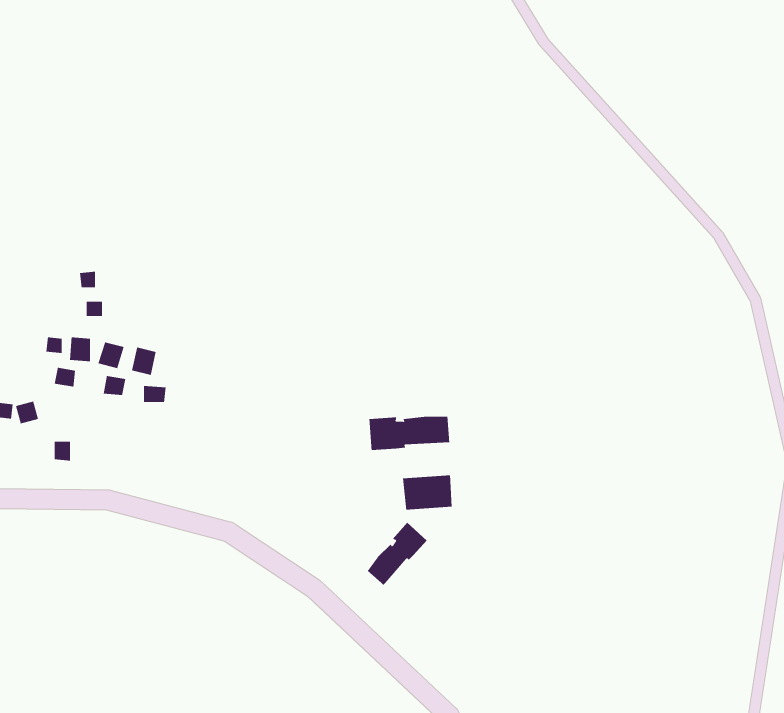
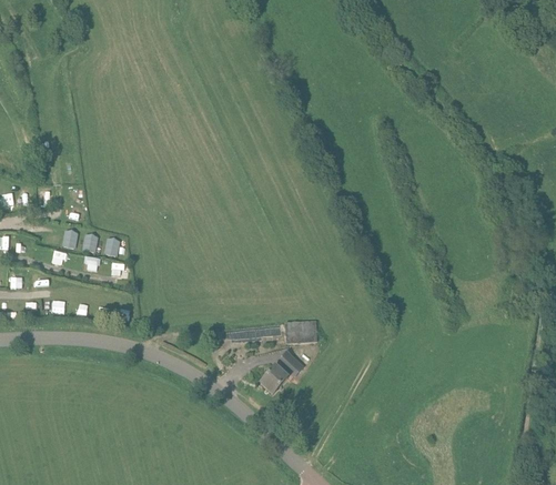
building: [369,416,450,451] -> none

